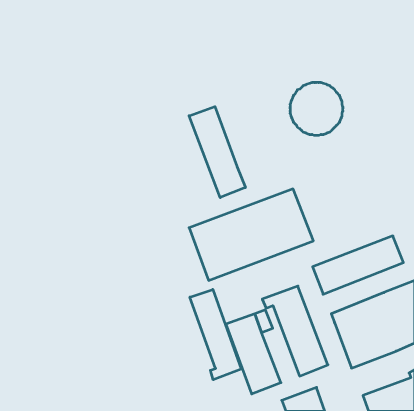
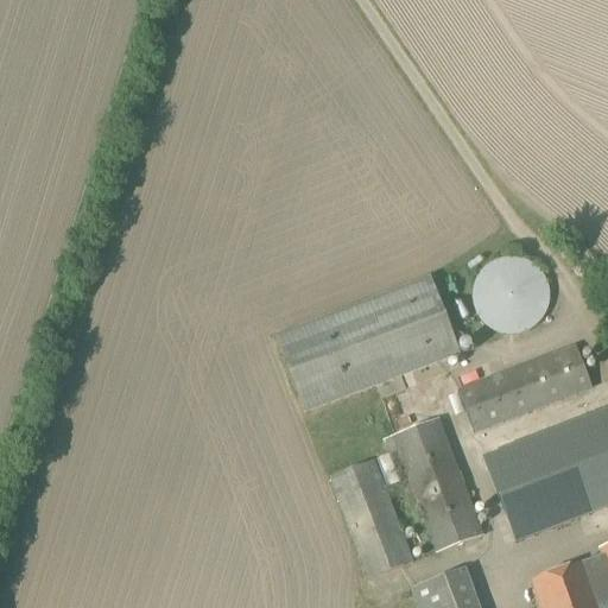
building: [290,83,343,135] -> [473,255,550,332]
building: [189,107,245,198] -> none
building: [190,289,241,380] -> none

